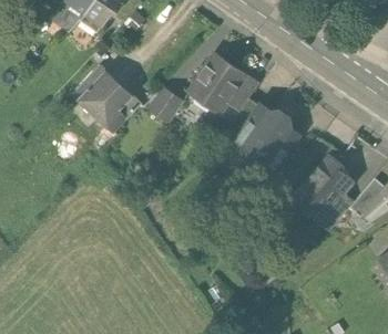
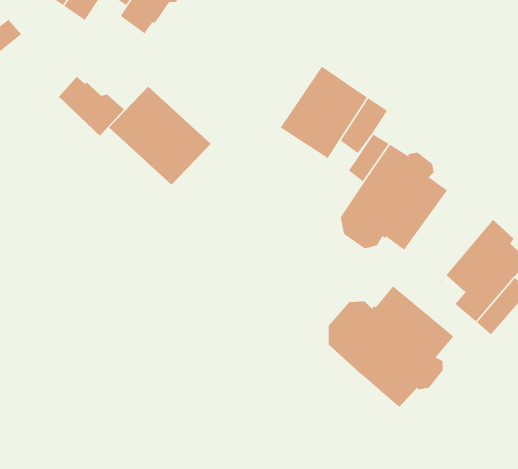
building: none -> [58,76,125,137]
building: [144,85,184,122] -> none
building: none -> [328,286,454,408]

